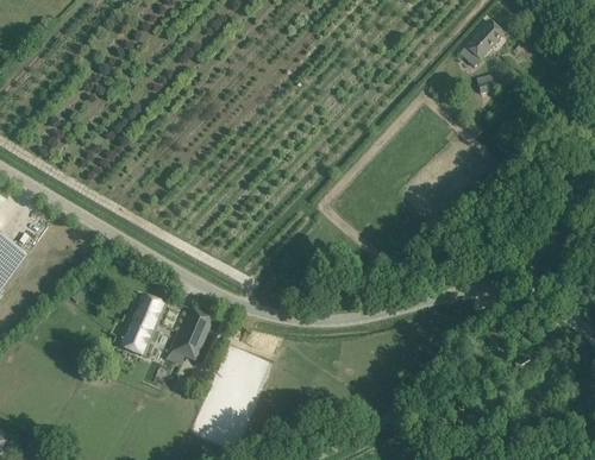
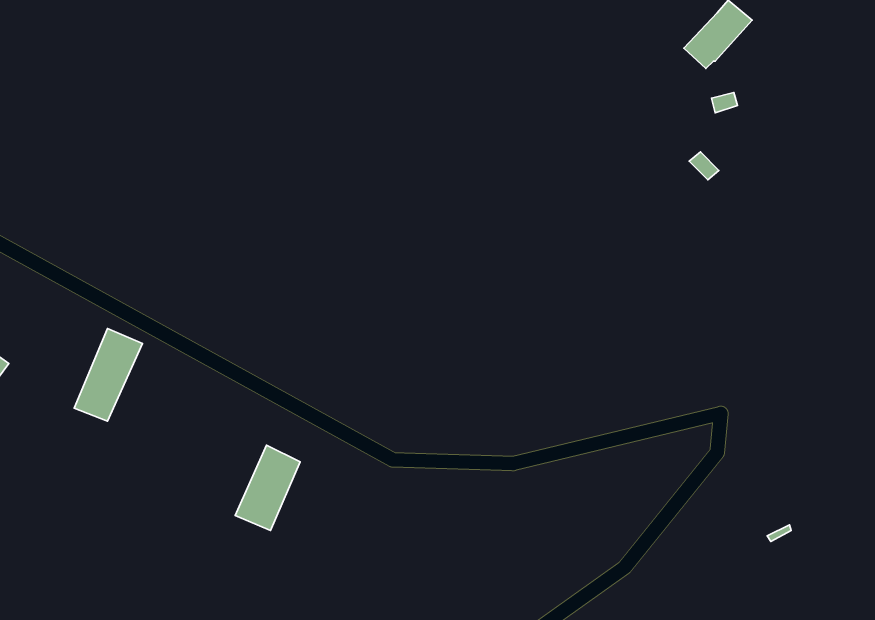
building: [118,295,162,354] -> [74,329,143,421]

